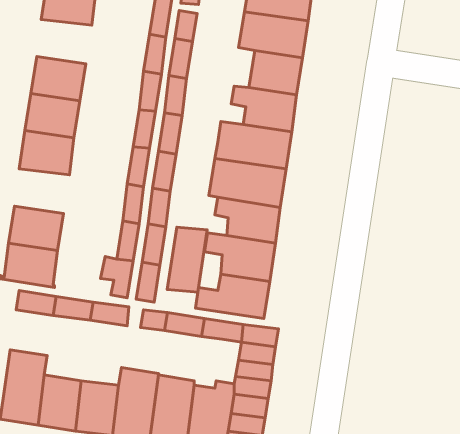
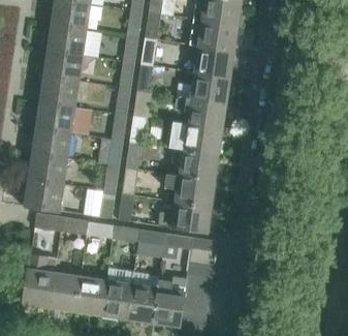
building: none -> [48,25,86,56]
building: none -> [32,129,70,160]
building: [167,227,207,292] -> none

